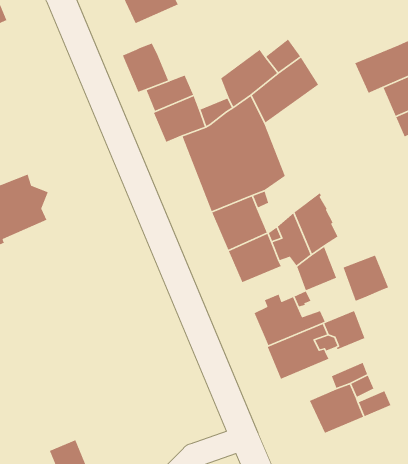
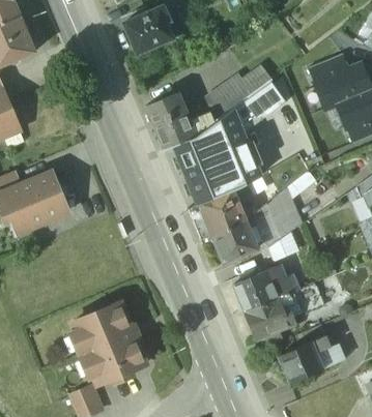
building: none -> [308,54,349,84]
building: [122,42,169,93] -> none
building: [342,254,389,302] -> none
building: none -> [68,303,143,384]

